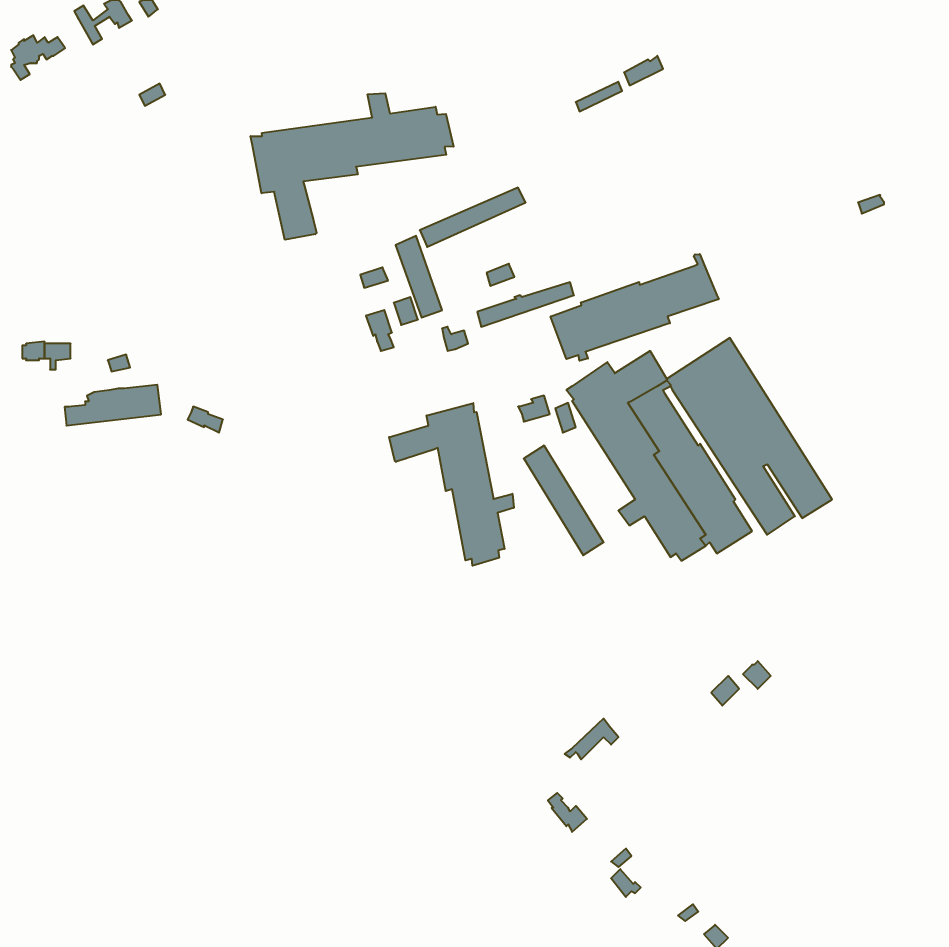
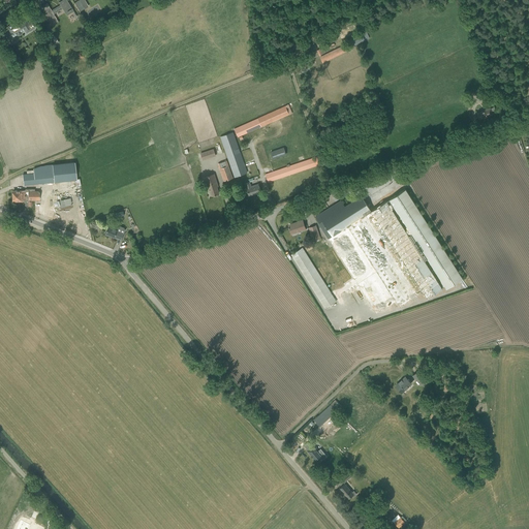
building: [251,93,454,240] -> none
building: [551,254,719,361] -> none
building: [65,385,161,426] -> [23,163,76,186]
building: [389,403,514,566] -> none

